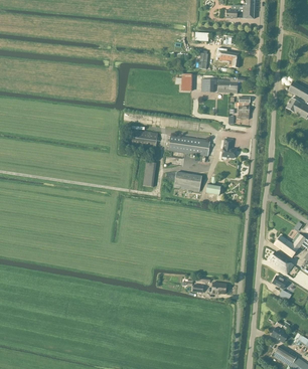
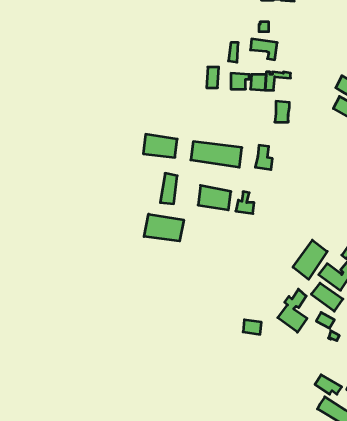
building: none -> [144,214,184,241]
building: none -> [293,240,327,279]
building: none -> [278,289,307,332]

